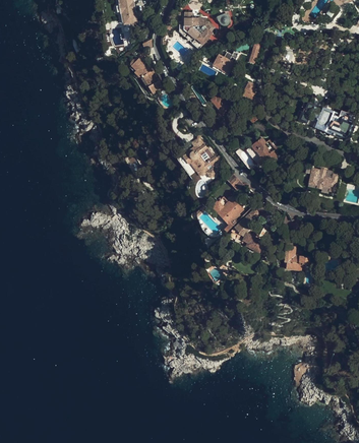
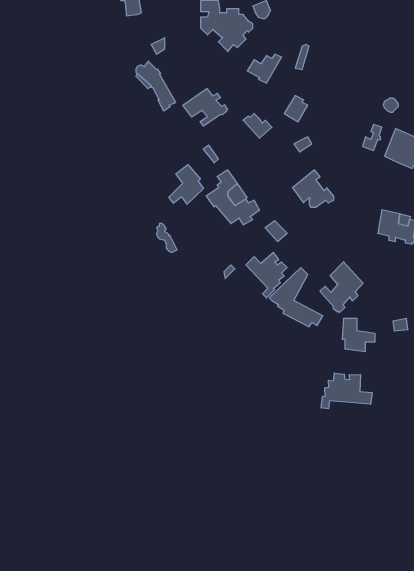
building: none -> [183,89,228,126]
building: none -> [169,165,203,204]
building: none -> [320,262,363,313]
building: none -> [321,373,372,409]

